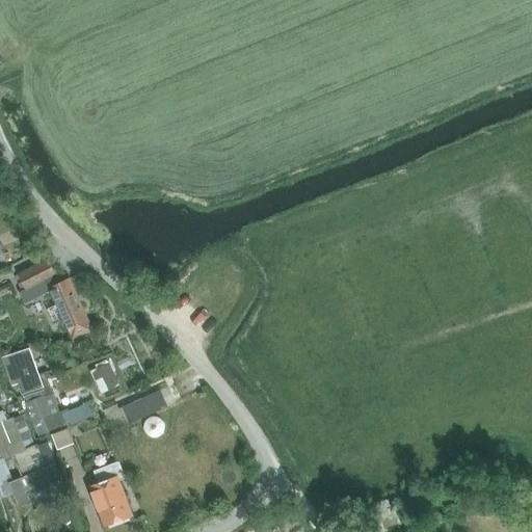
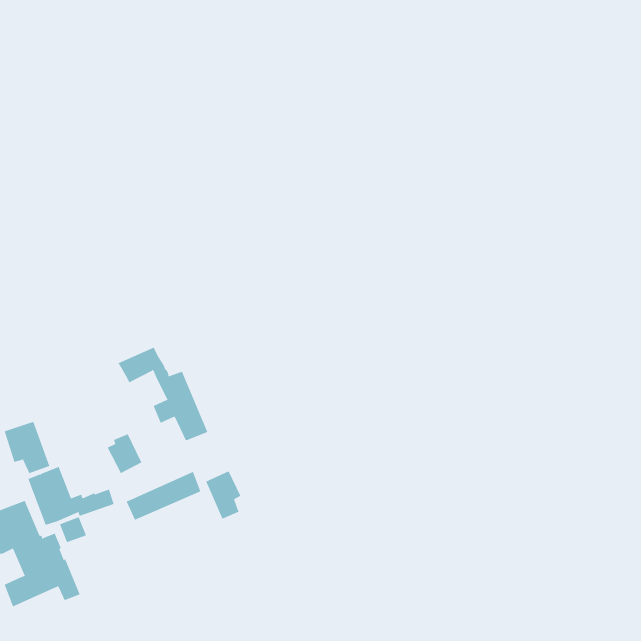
building: [17,260,91,338] -> [118,347,208,441]
building: none -> [206,470,241,520]
building: [89,463,132,526] -> none

